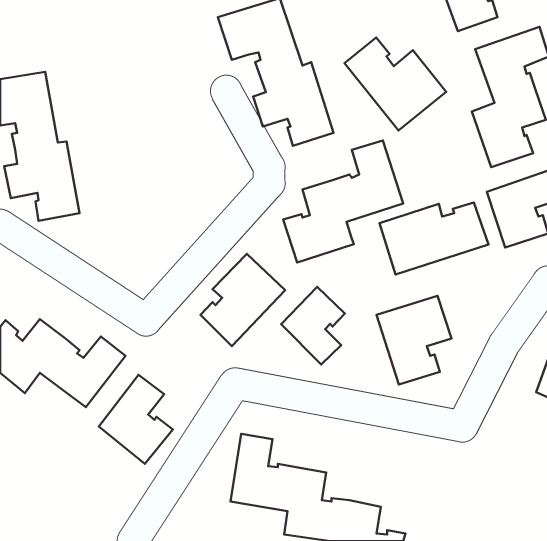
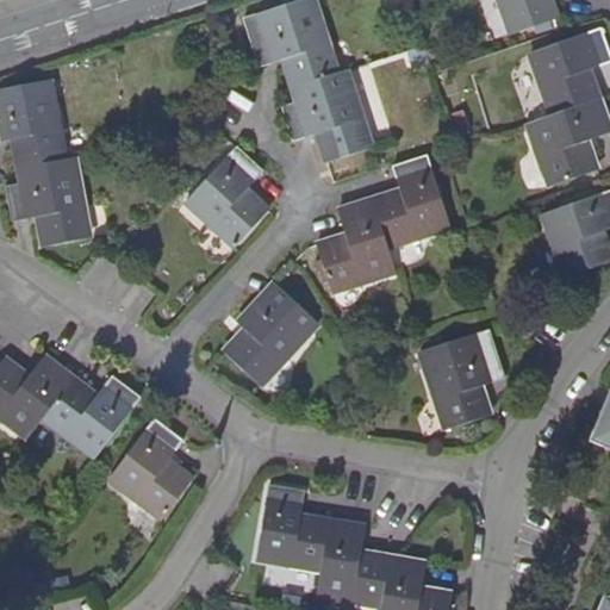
building: [344,37,446,130] -> none
building: none -> [186,147,268,245]
building: [379,202,489,274] -> none
building: [281,287,345,365] -> none

